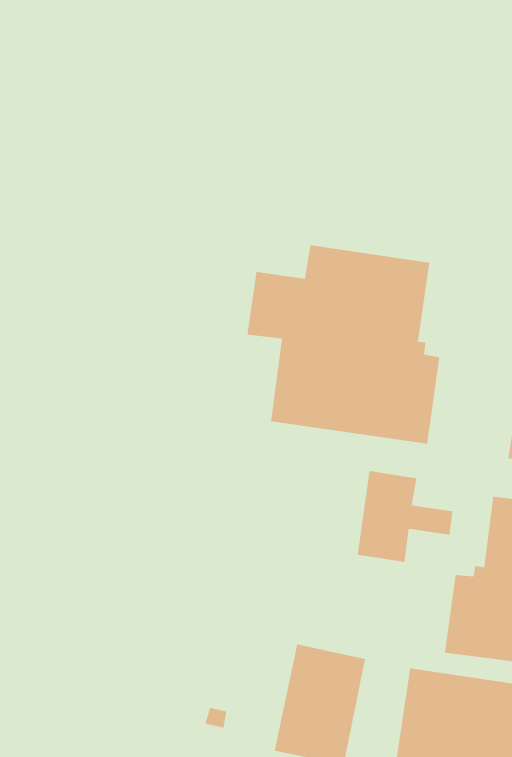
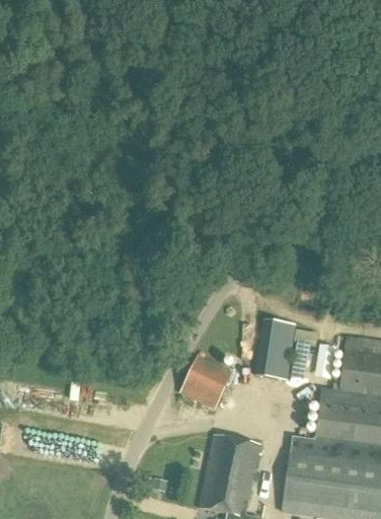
building: [247,245,440,444] -> none
building: none -> [180,355,233,409]

